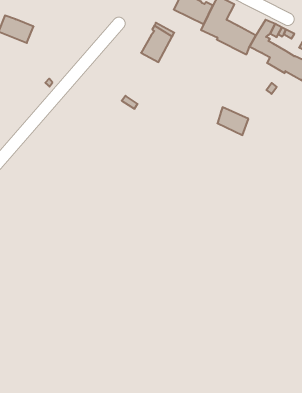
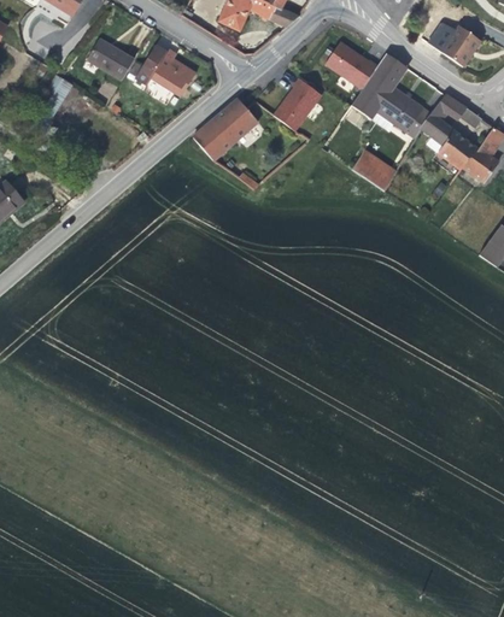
building: none -> [135,45,197,96]
building: none -> [193,98,258,160]
building: [217,107,248,135] -> [353,149,395,190]

